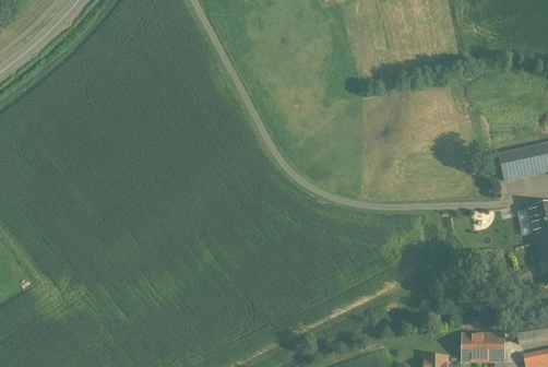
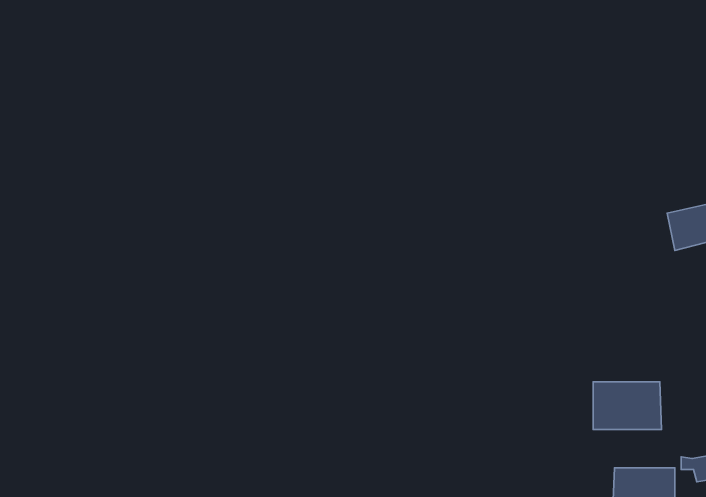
building: none -> [593,382,662,430]

